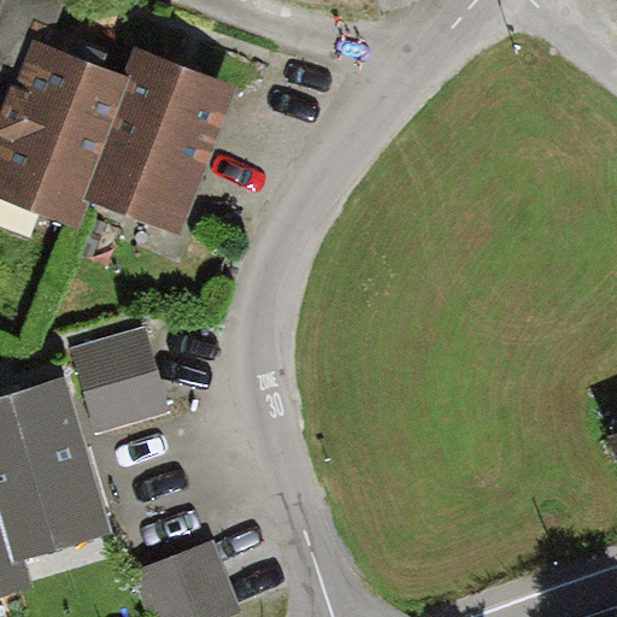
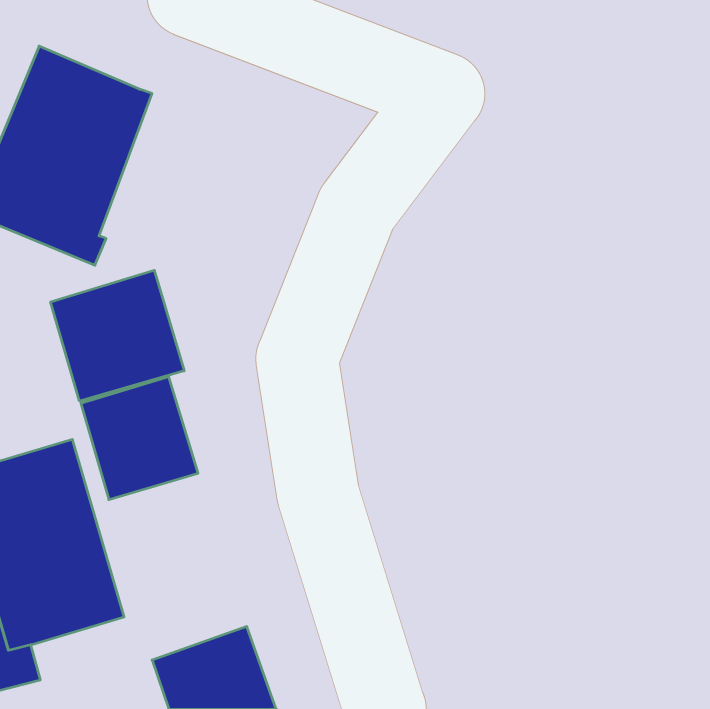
building: [86,51,234,237] -> none
building: none -> [51,270,184,401]

